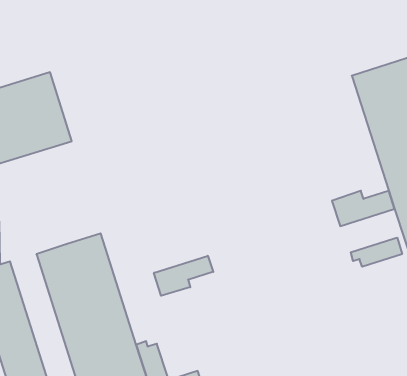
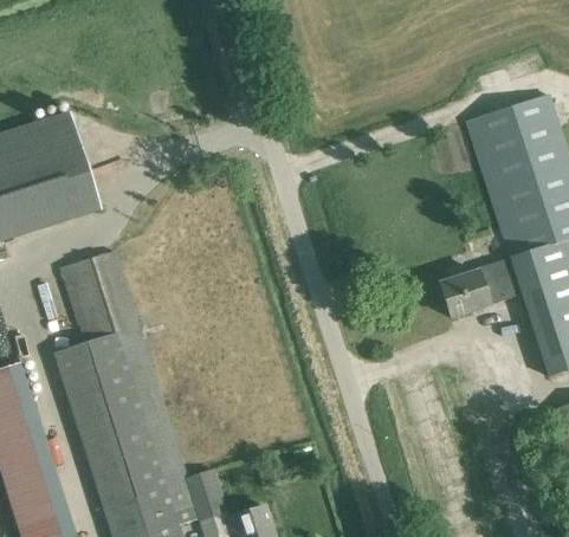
building: none -> [70,251,138,341]
building: [351,238,402,267] -> none
building: [154,256,213,296] -> none

